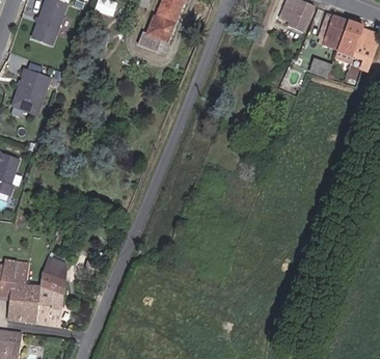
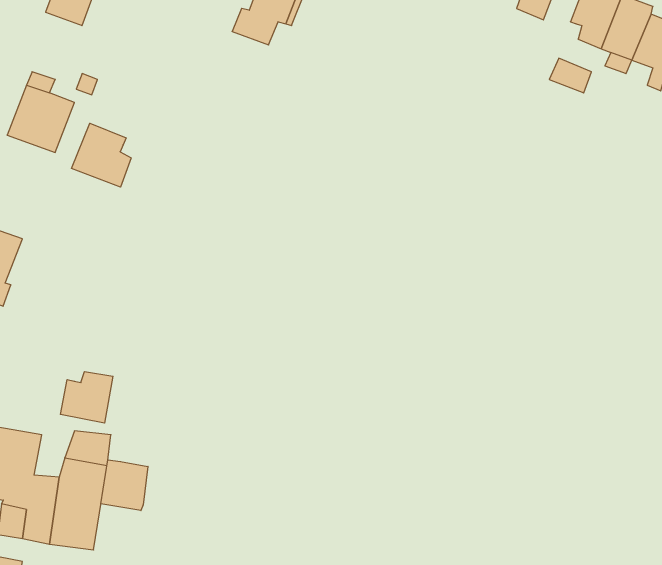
building: none -> [72,123,131,187]
building: none -> [60,372,113,423]
building: none -> [101,460,148,511]

